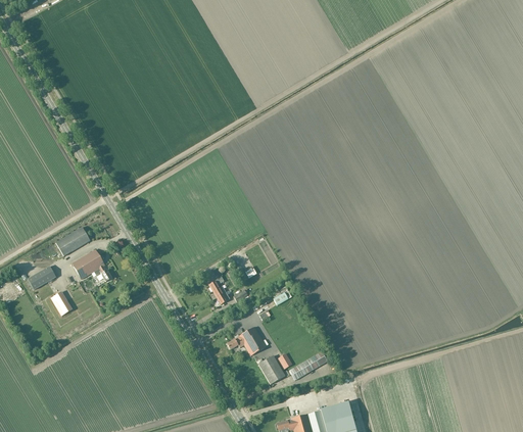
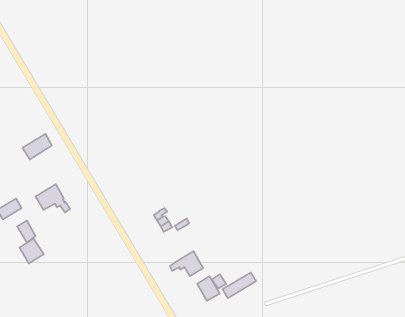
building: [55,226,89,255] -> [23,134,52,159]
building: none -> [19,238,44,263]

